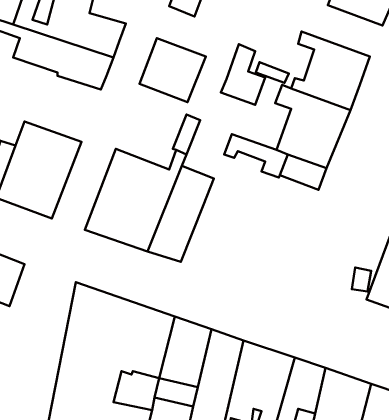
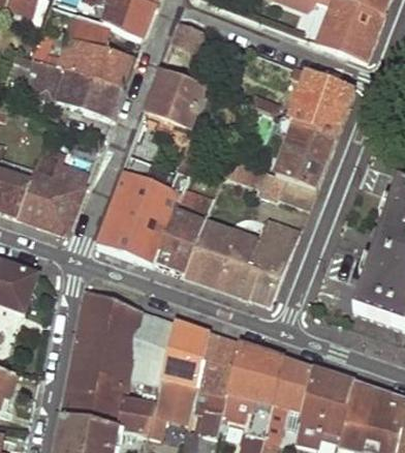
building: [221,44,265,105] -> none
building: none -> [182,218,299,303]

